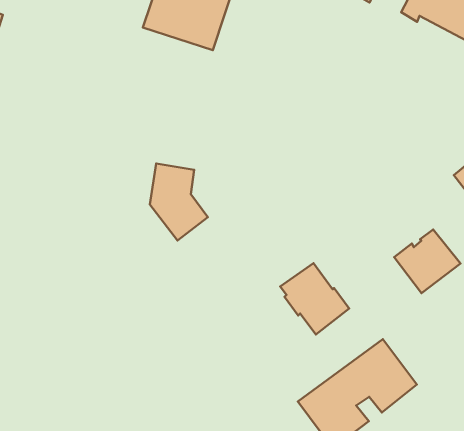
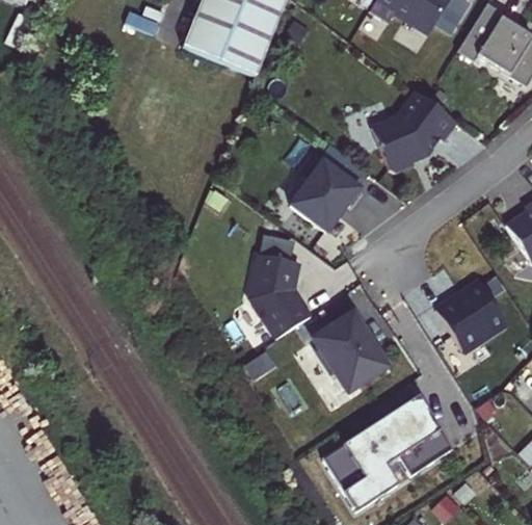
building: none -> [373,93,456,172]
building: none -> [291,156,362,231]
building: [150,163,208,240] -> [250,253,312,337]

